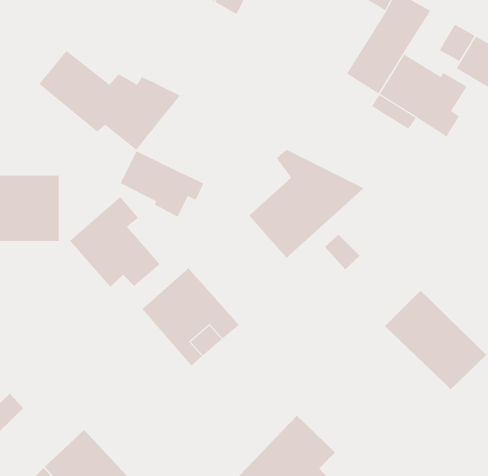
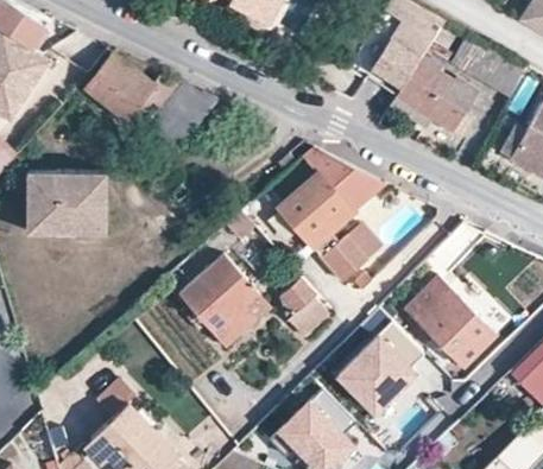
building: [120,150,204,217] -> none
building: [69,196,160,288] -> none
building: none -> [312,233,366,280]
building: none -> [280,280,329,336]
building: none -> [335,323,422,416]

